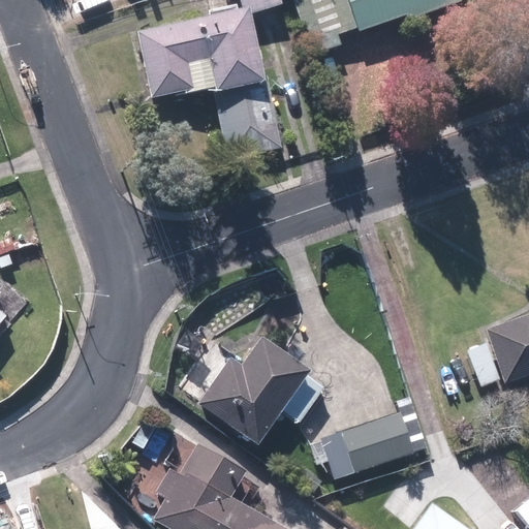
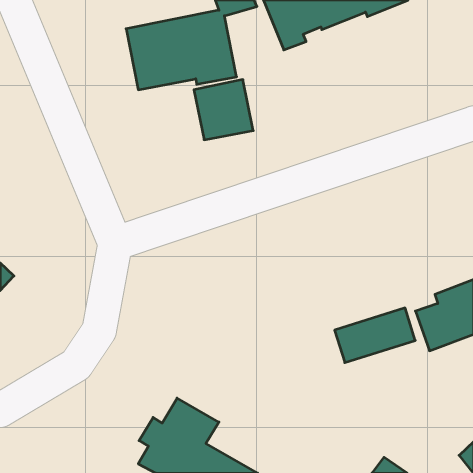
building: [197,338,324,442] -> none
building: [323,414,413,475] -> [335,308,415,363]

